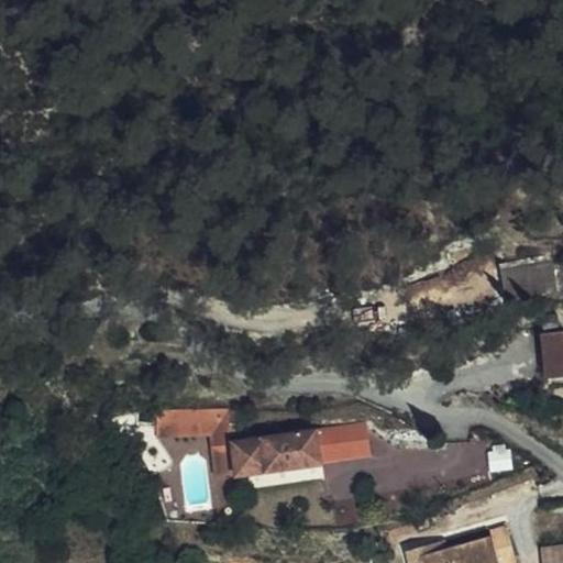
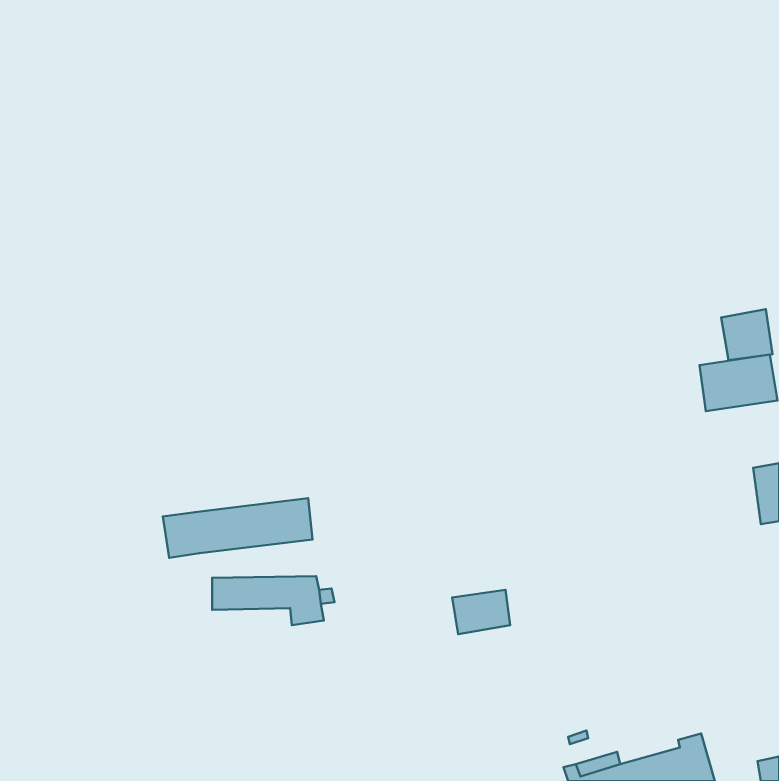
building: none -> [721,309,773,360]
building: [210,437,318,479] -> [163,498,313,558]

